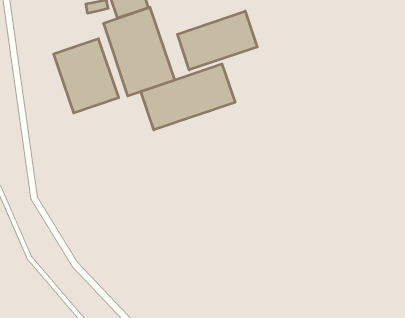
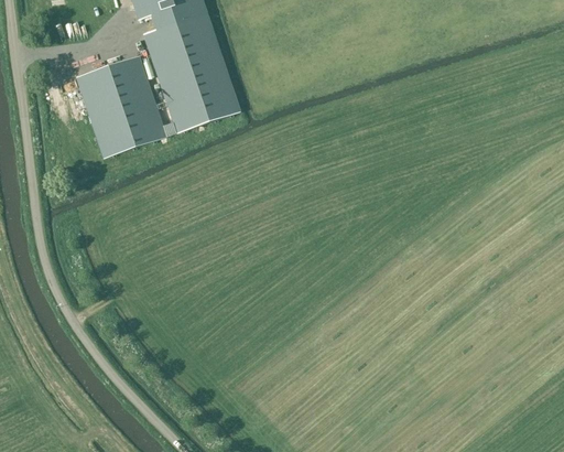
building: [177,11,257,70] -> none
building: [141,64,235,130] -> none

